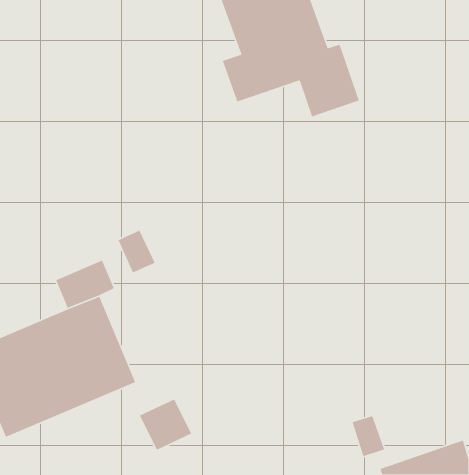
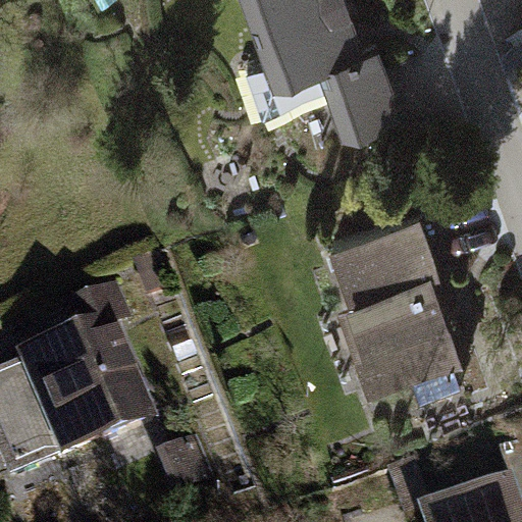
building: none -> [327,211,466,399]

